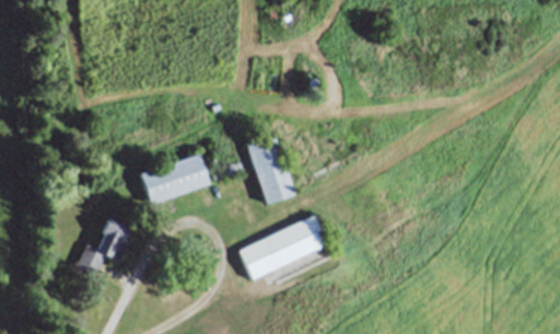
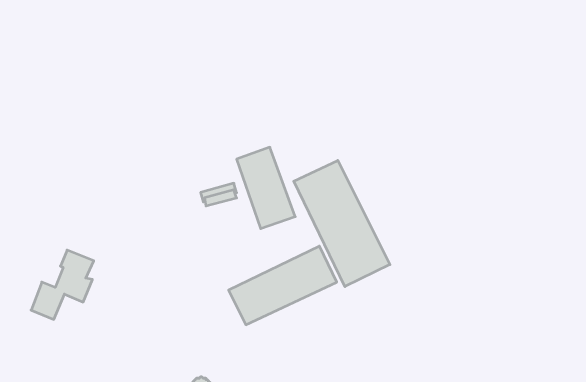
building: none -> [294,160,390,287]
building: [142,154,209,205] -> none

